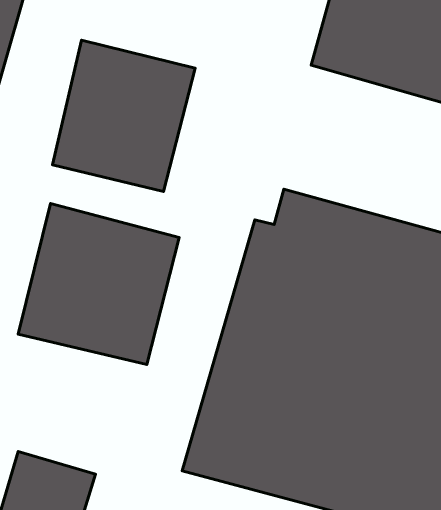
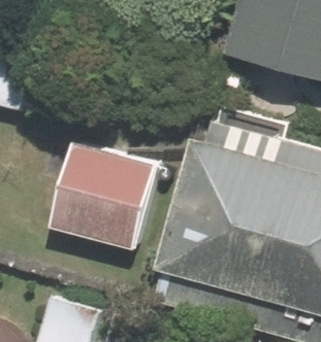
building: [52,40,195,191] -> none

